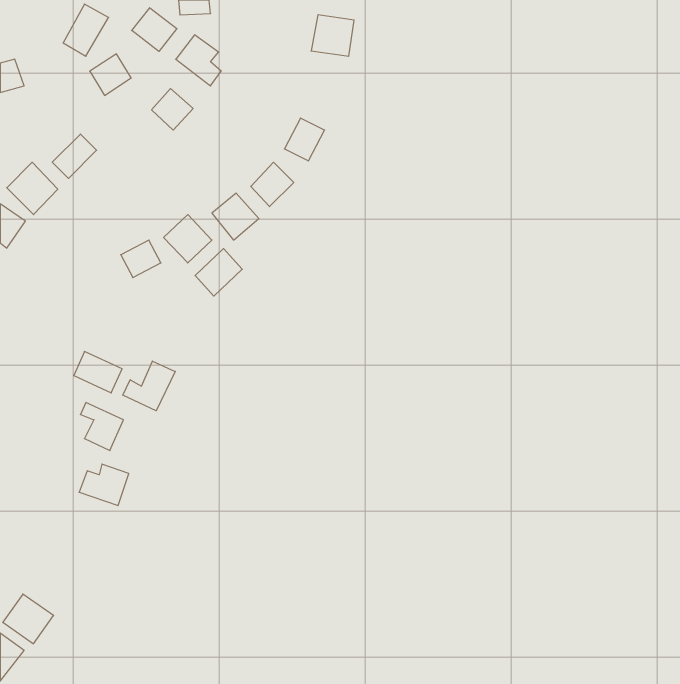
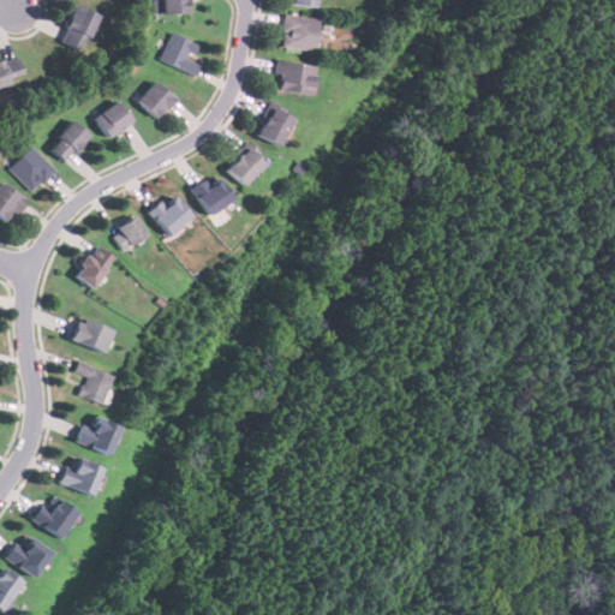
building: [132,8,177,51] -> none
building: [90,54,131,95] -> [97,101,135,138]
building: none -> [277,60,318,94]
building: [195,249,242,296] -> none
building: none -> [76,245,113,288]
building: [123,361,175,411] -> none
building: none -> [61,455,103,495]
building: none -> [34,498,80,539]

